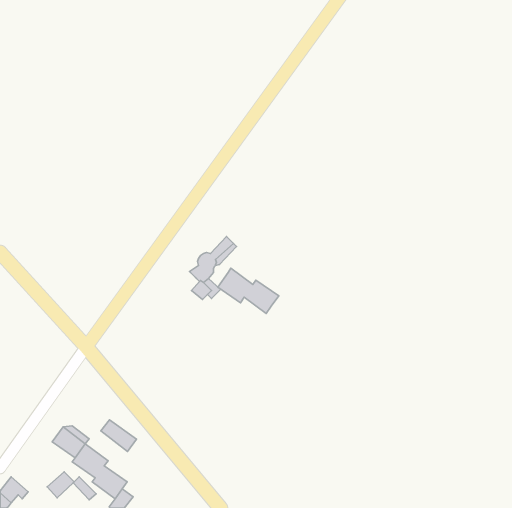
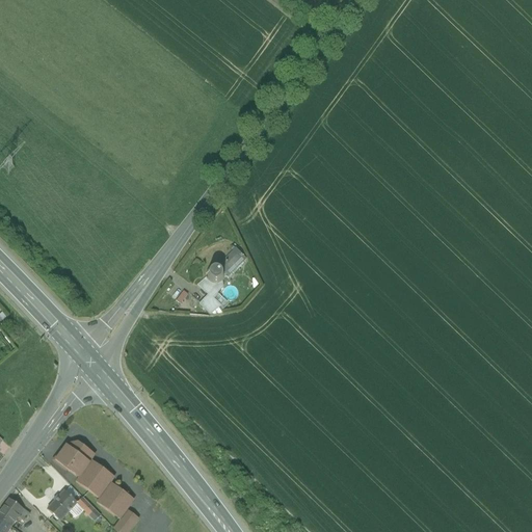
building: [218,268,279,313] -> none
building: [101,420,137,451] -> none

